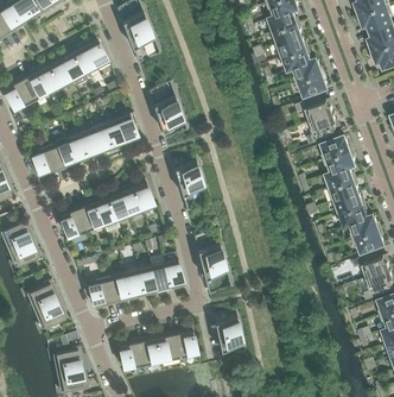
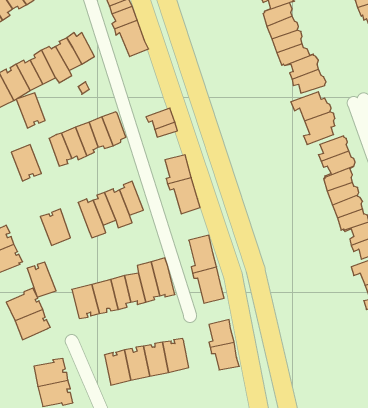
building: [152,83,180,119] -> none
building: [49,139,76,172] -> [16,93,45,128]
building: [77,200,104,233] -> [27,262,56,297]

